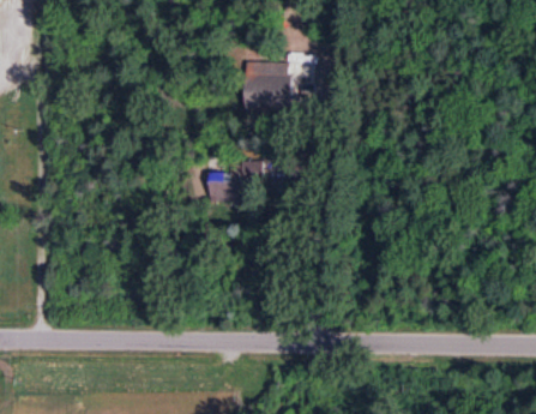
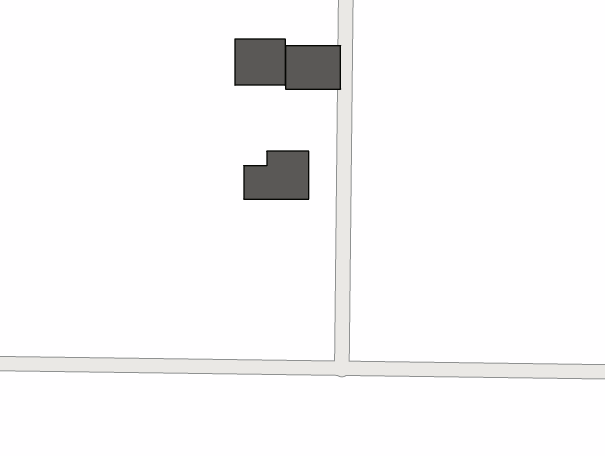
building: none -> [235,39,285,85]

